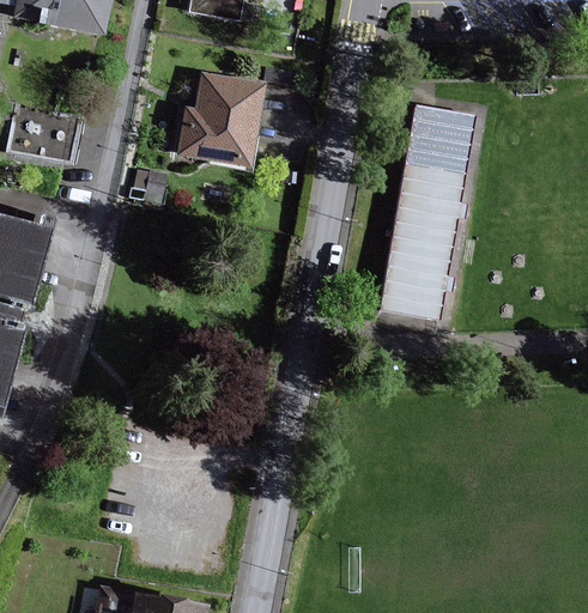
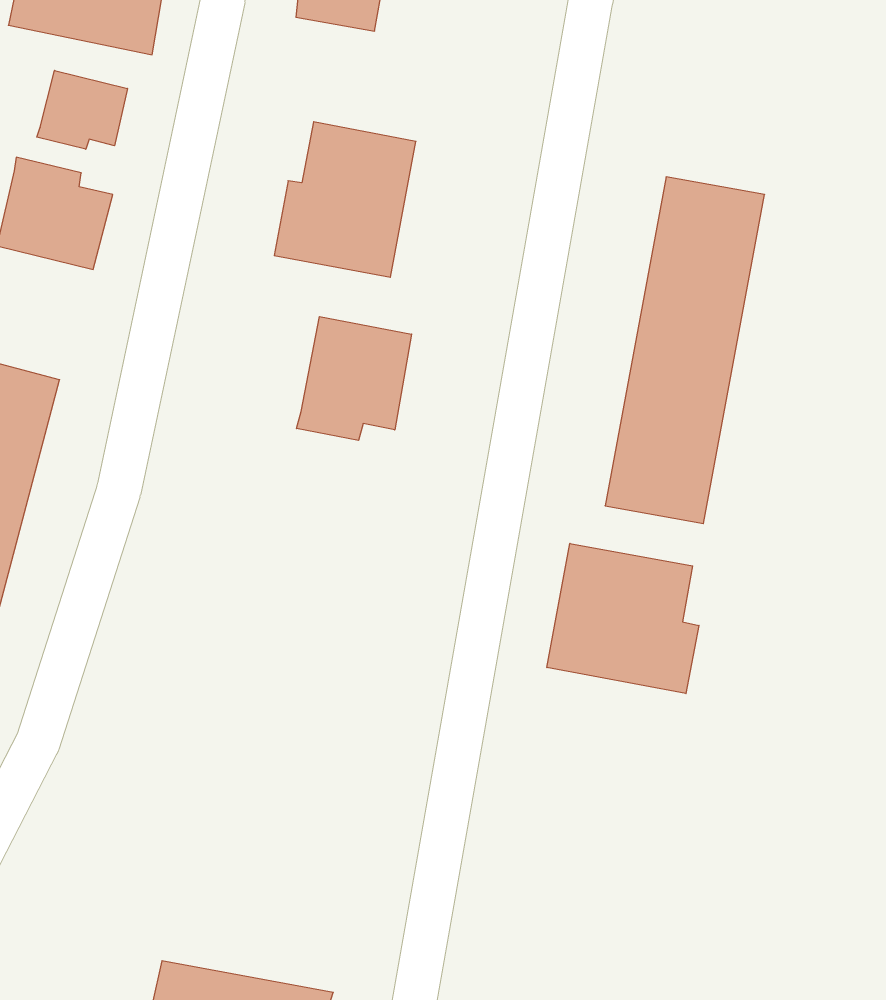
building: none -> [37,70,127,149]
building: none -> [297,317,412,440]
building: none -> [547,543,699,694]

